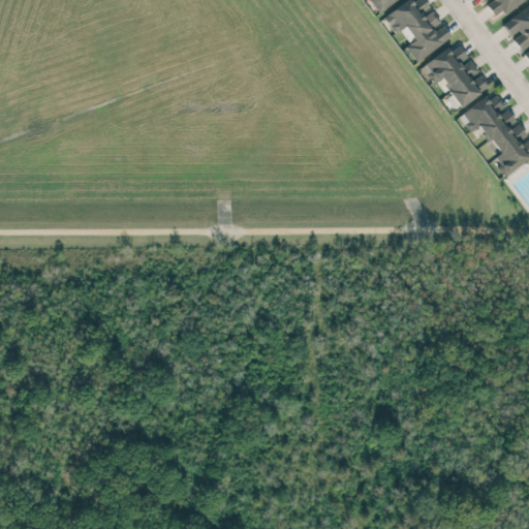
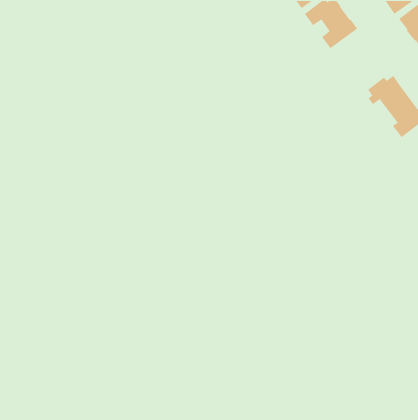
building: [421,45,491,106] -> none

